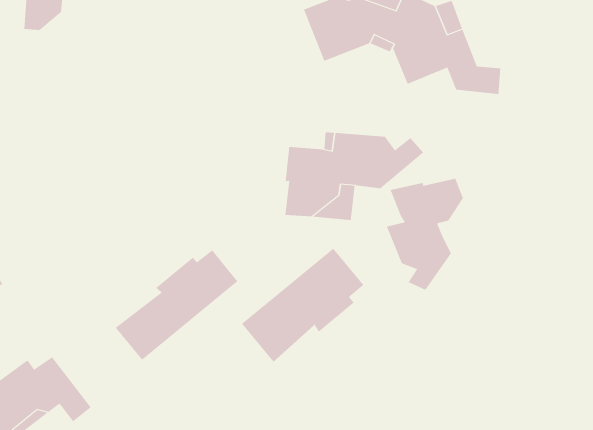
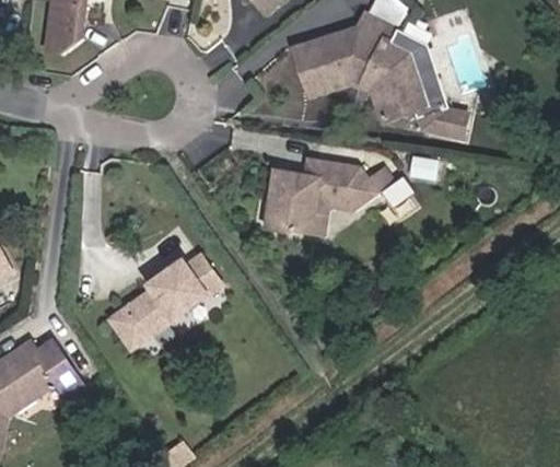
building: [386,178,464,291] -> none
building: [241,248,364,362] -> none

